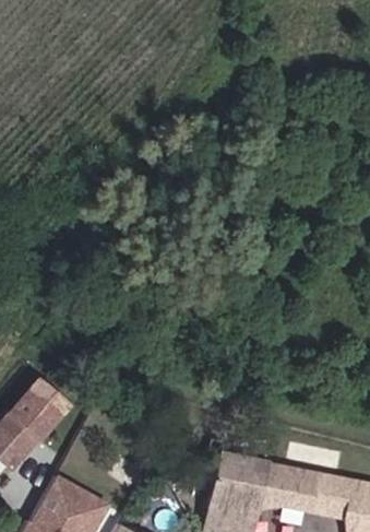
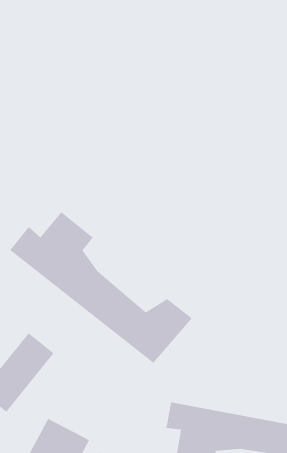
building: none -> [9,211,193,364]

